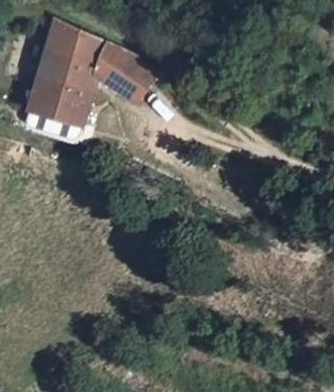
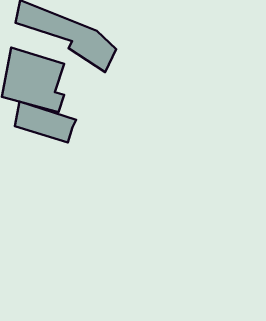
building: [37,44,105,90] -> [15,101,76,143]

